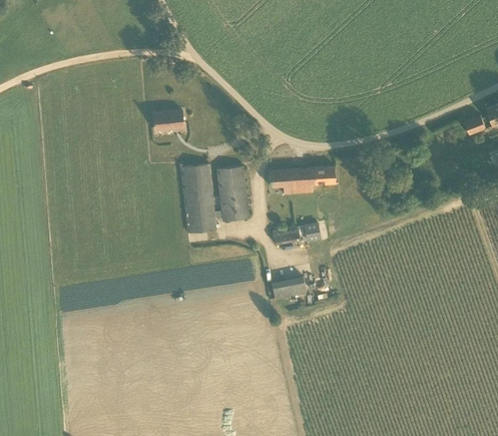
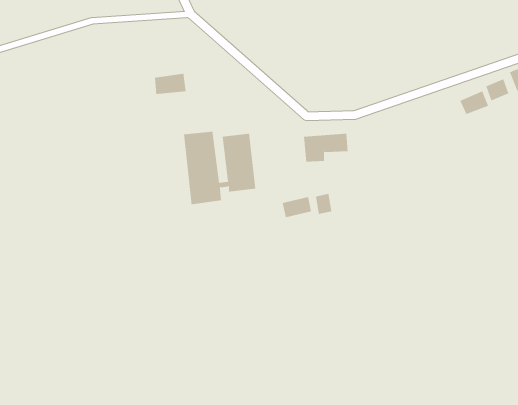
building: none -> [459,91,489,115]
building: [269,168,295,193] -> none
building: [271,275,306,299] -> none

